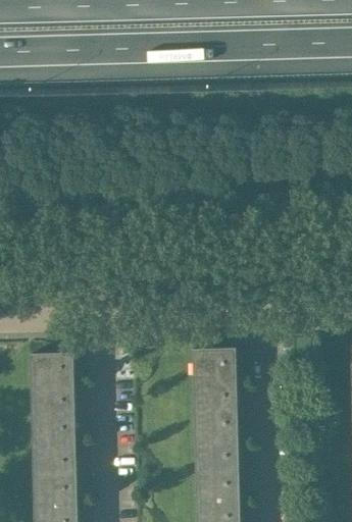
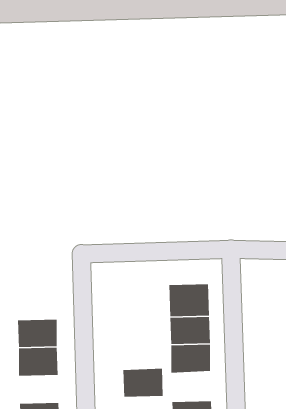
building: [31,352,74,386] -> none
building: [195,441,239,473] -> [122,368,164,397]
building: [33,446,77,475] -> none

